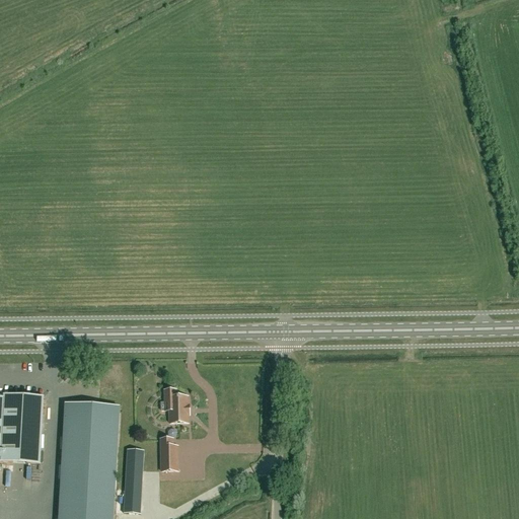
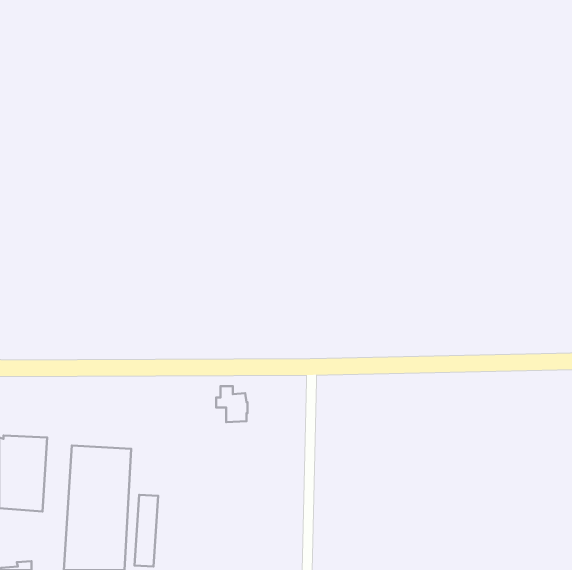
building: [160,389,189,422] -> [216,386,247,422]
building: [160,438,177,469] -> none

